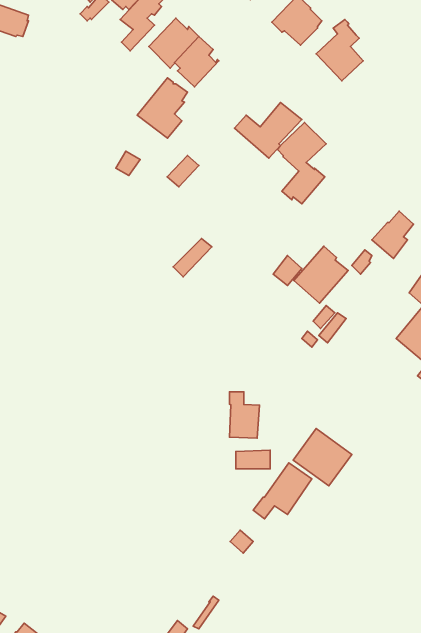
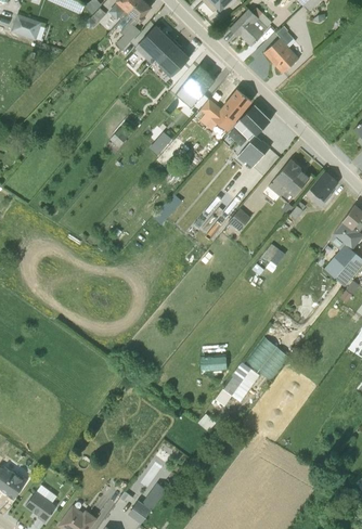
building: [137,78,187,138] -> [174,67,212,113]
building: [294,246,348,303] -> [268,159,309,203]
building: [229,392,259,438] -> none

